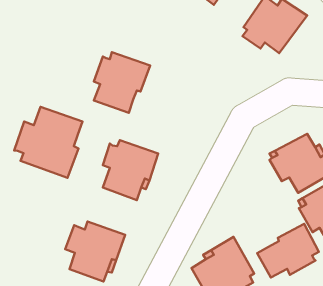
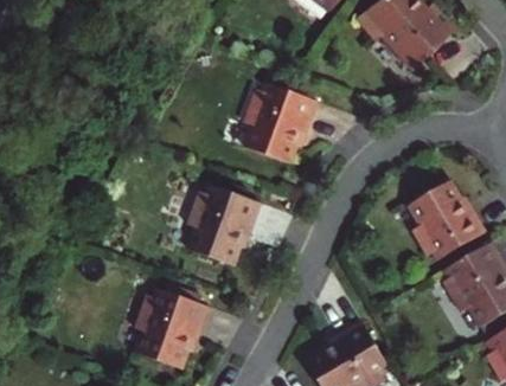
building: [94,52,150,113] -> [244,82,319,162]
building: [14,107,83,178] -> none
building: [257,224,319,278] -> none

